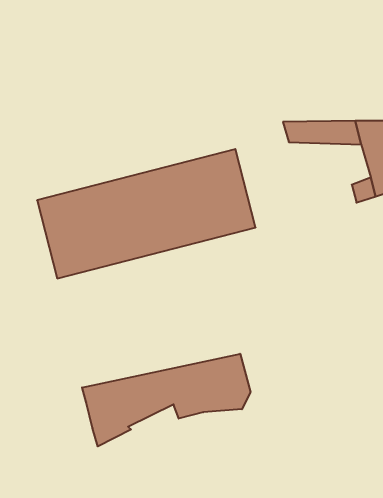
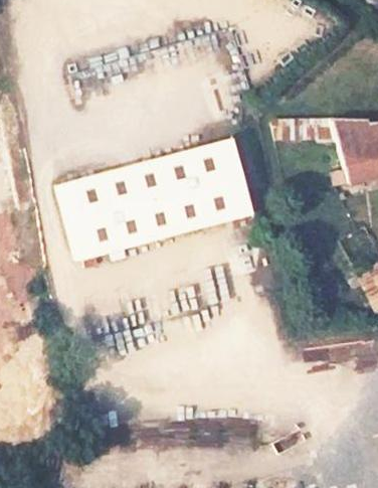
building: [82,354,250,446] -> none

